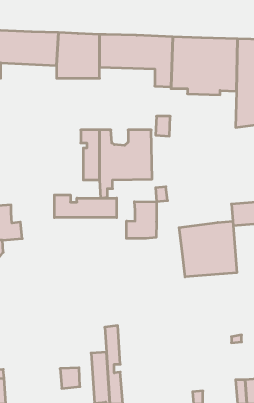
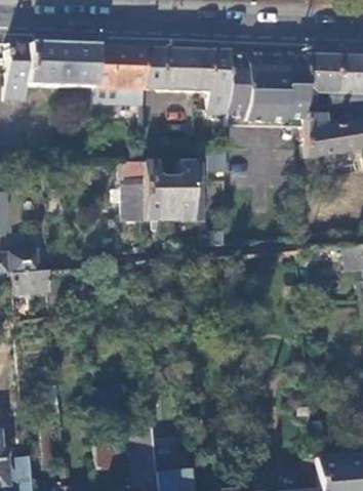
building: [54,195,117,218] -> none
building: [126,201,156,238] -> none
building: [179,221,237,277] -> none

